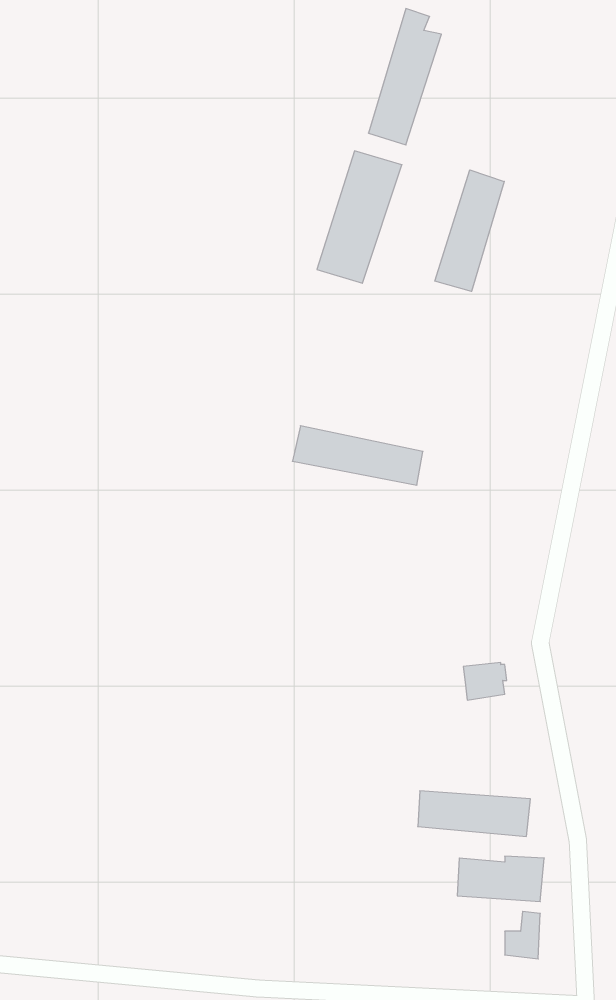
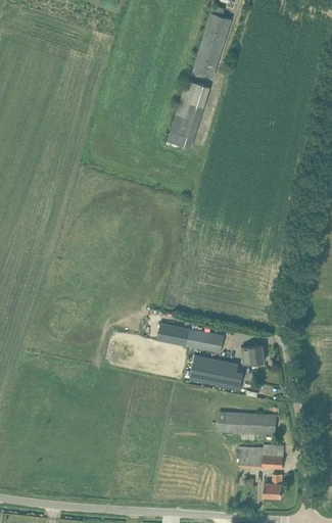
building: [435,170,504,291] -> none
building: [292,426,423,485] -> [155,323,223,353]
building: none -> [188,354,242,389]

